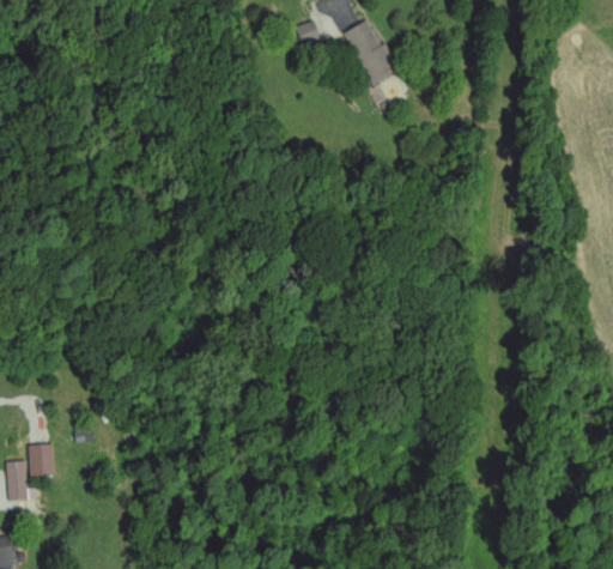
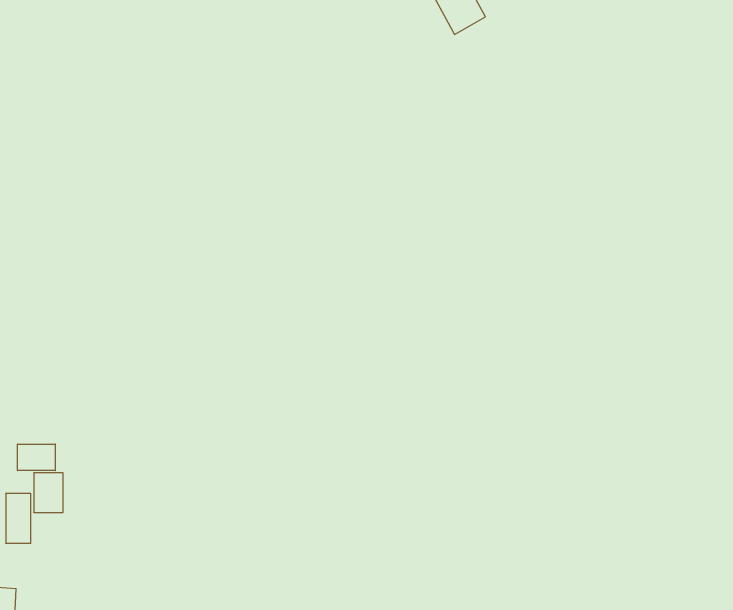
building: none -> [18,444,55,471]

